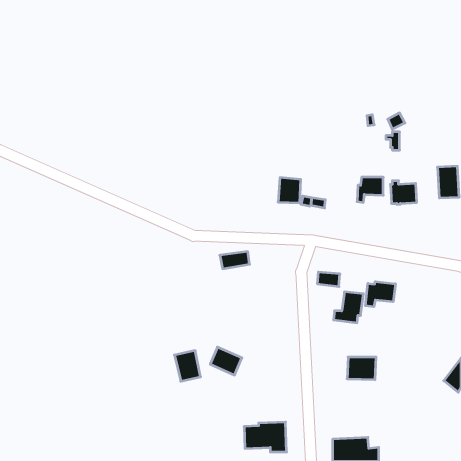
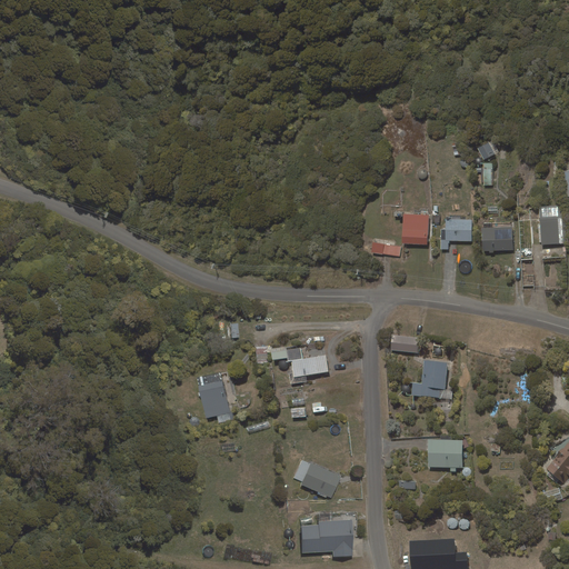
building: [278,178,301,203] -> [400,212,428,243]
building: [220,252,250,269] -> [290,355,327,376]
building: [365,282,395,307] -> none
building: [210,347,242,375] -> [301,462,340,497]
building: [174,351,201,381] -> [197,379,229,417]

